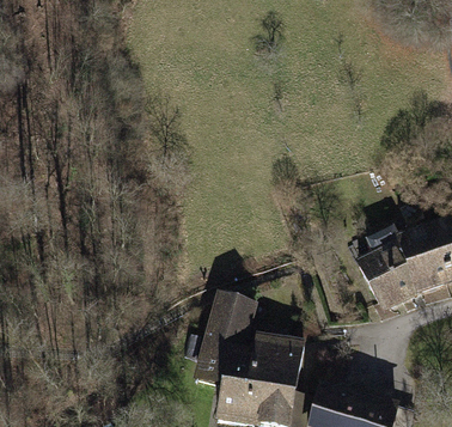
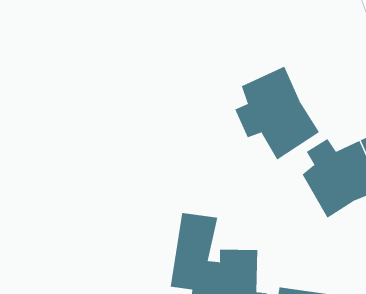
building: none -> [234,66,320,160]

